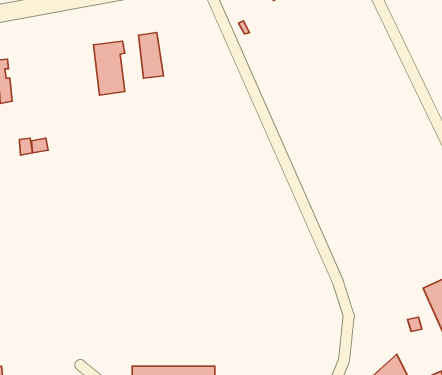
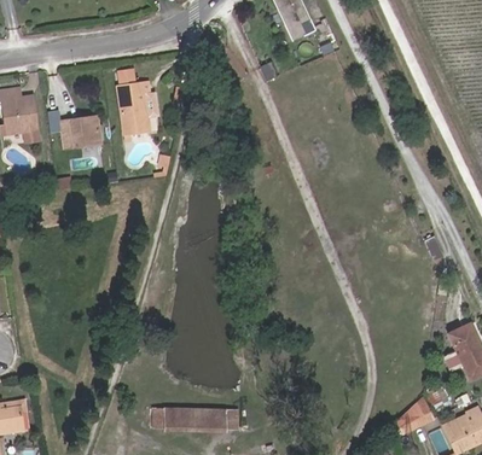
building: [138,33,163,78] -> none
building: none -> [58,119,97,150]

